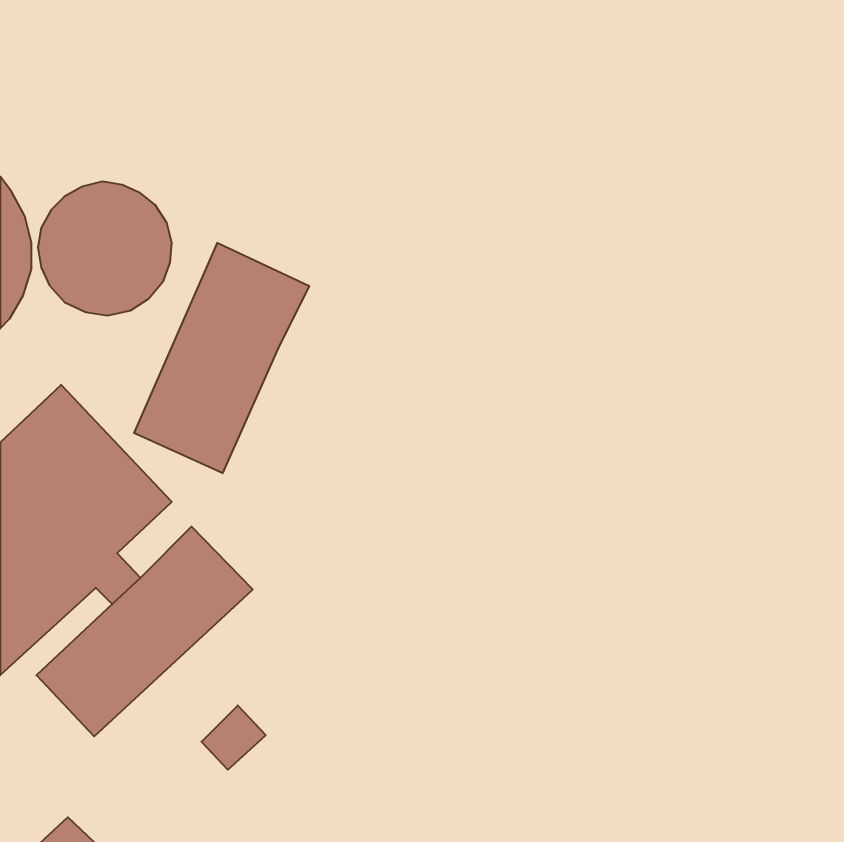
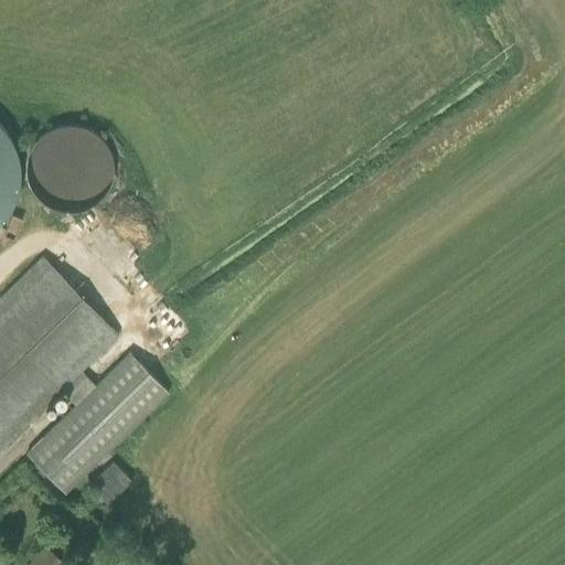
building: [134,243,309,473] -> none
building: [201,705,266,770] -> [88,462,131,505]

